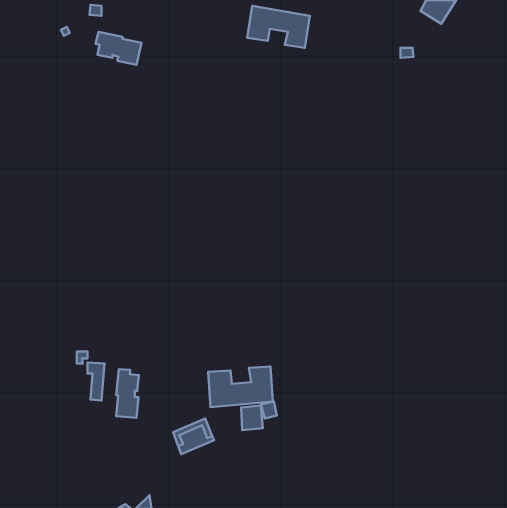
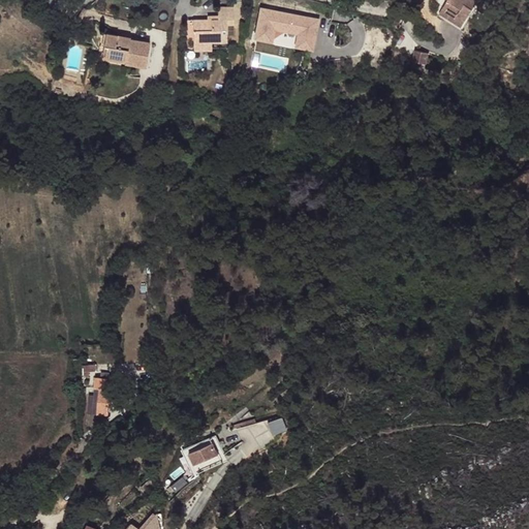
building: none -> [189,5,229,43]
building: [208,366,273,407] -> none
building: [116,369,139,418] -> none

